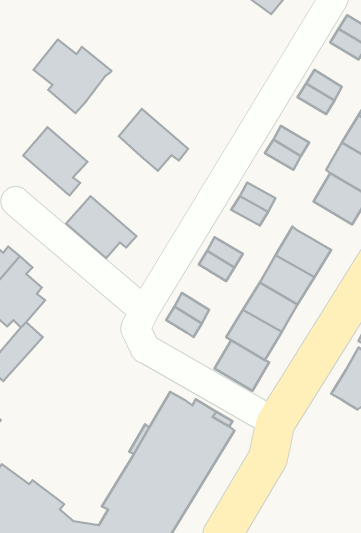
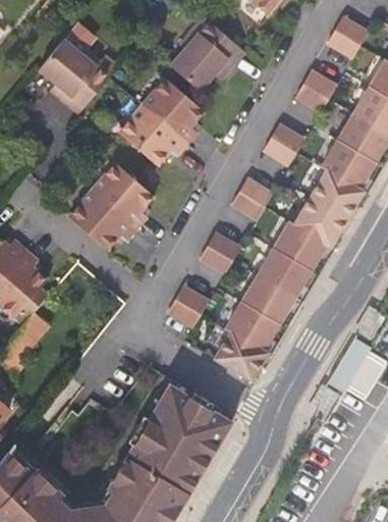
building: none -> [172,16,244,92]
building: none -> [144,80,206,146]
building: [23,127,87,195] -> [94,164,156,230]
building: none -> [293,197,347,246]

